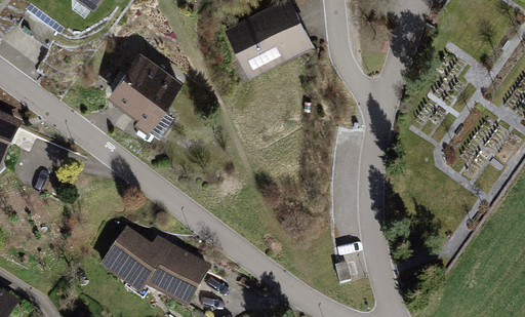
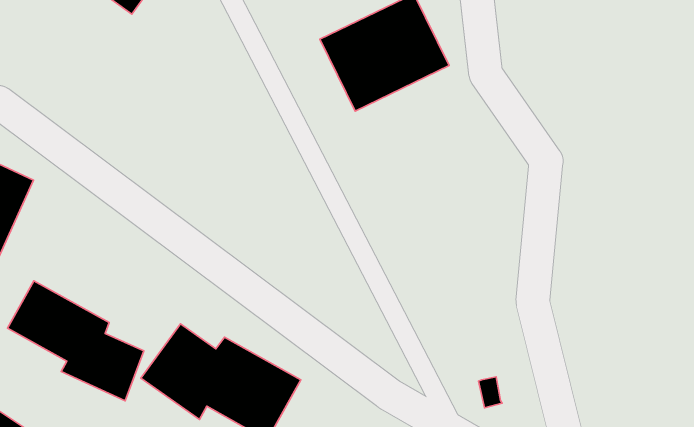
building: [107,50,180,130] -> none
building: none -> [8,281,144,401]

